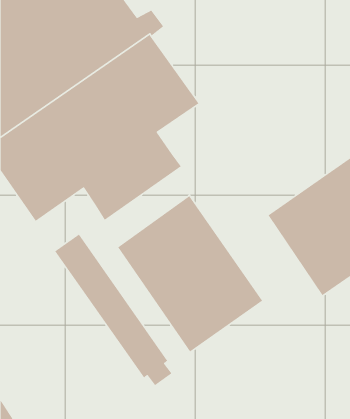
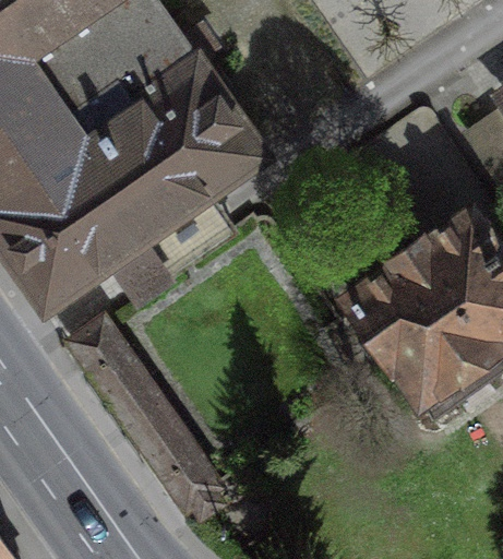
building: [117,195,263,352] -> none

